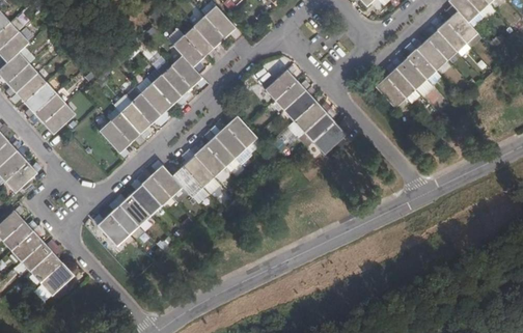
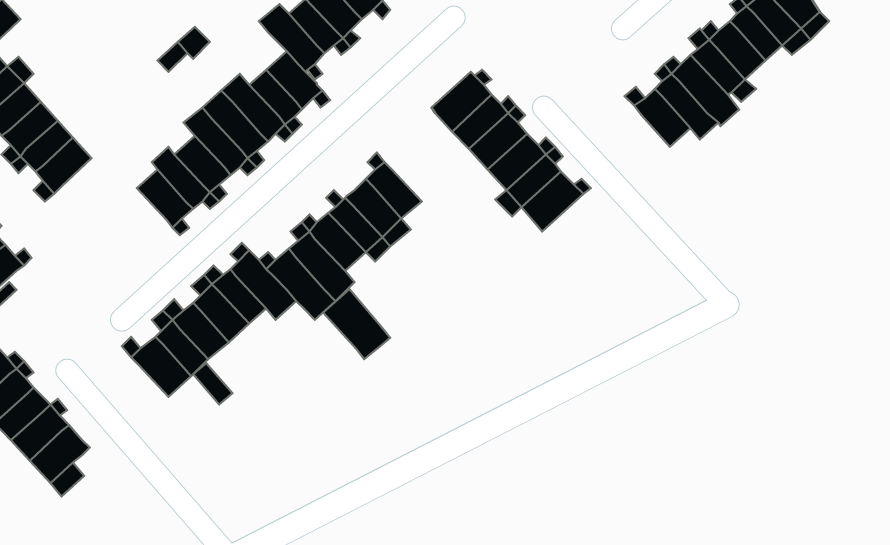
building: none -> [323,289,390,359]

